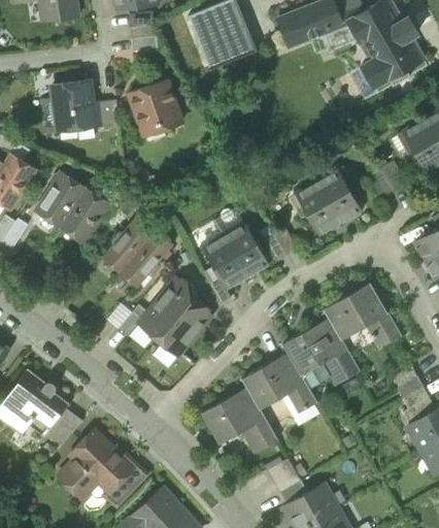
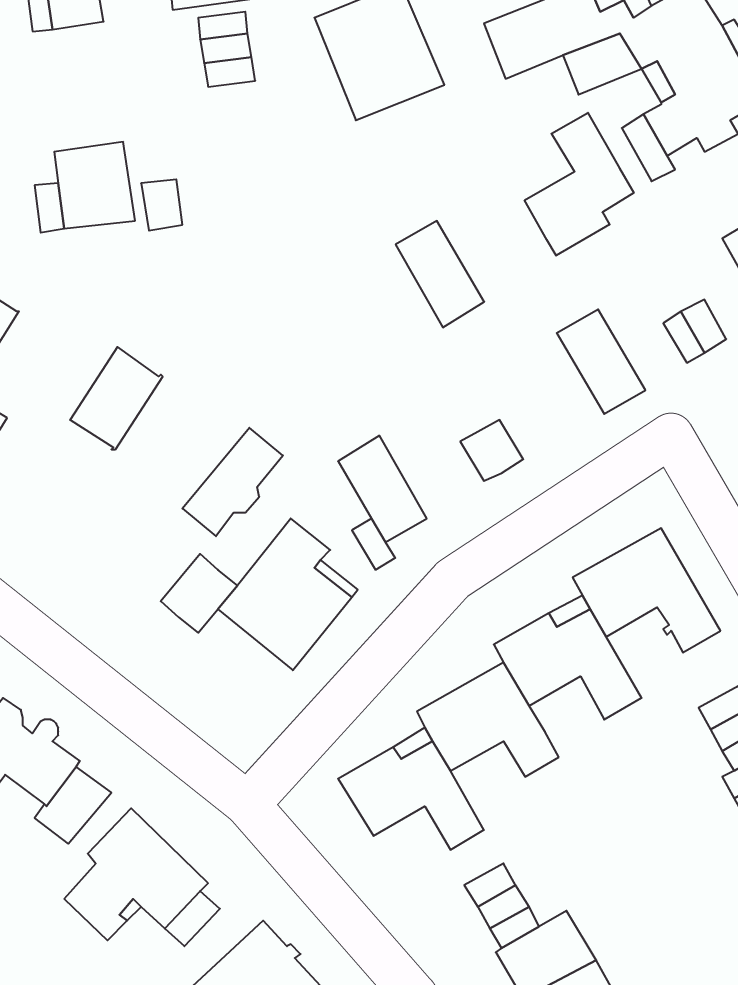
building: none -> [525,113,634,256]
building: [129,80,182,131] -> none
building: [37,172,86,226] -> none
building: [294,180,340,236] -> [396,221,484,327]
building: [103,216,155,272] -> none
building: [223,222,269,277] -> none
building: [301,360,340,389] -> none

